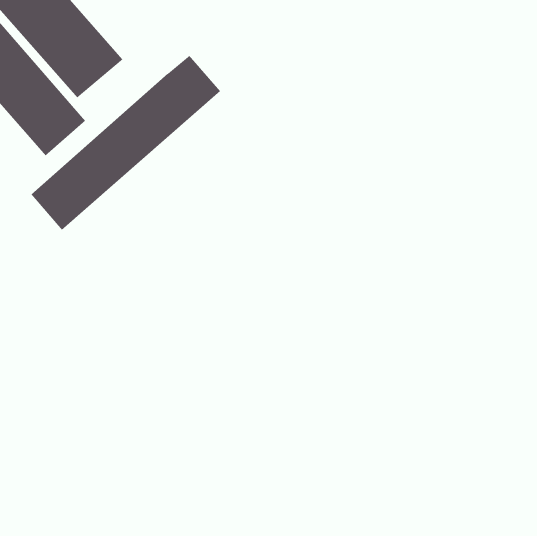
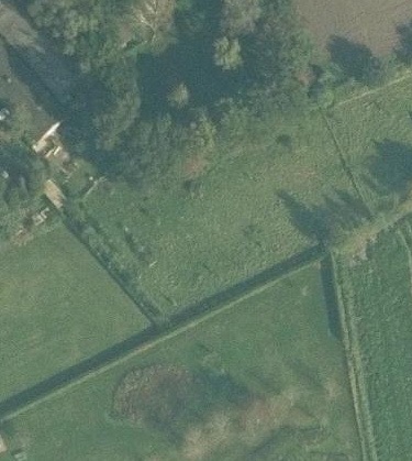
building: [30,55,221,231] -> none

